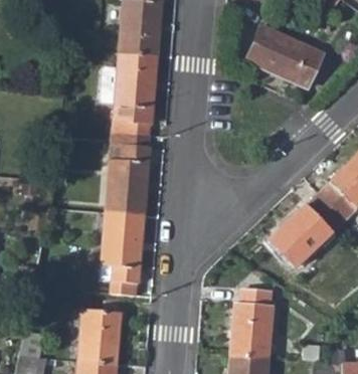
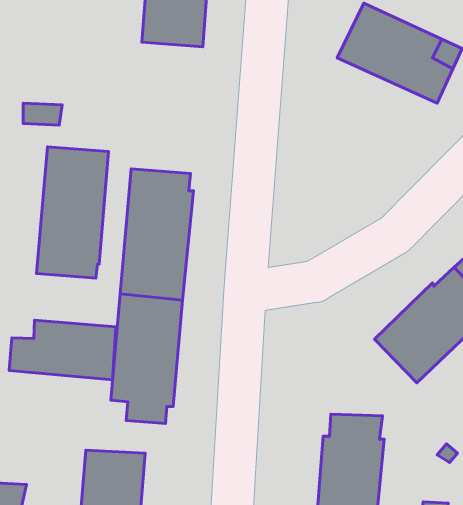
building: [112,49,158,134] -> [37,147,108,278]
building: none -> [9,320,116,380]

